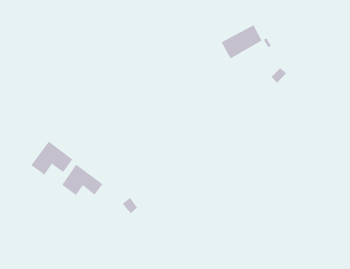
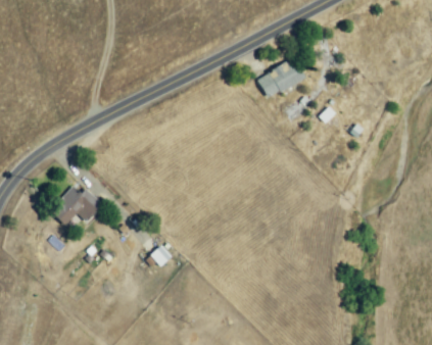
building: [61,164,103,196] -> none

